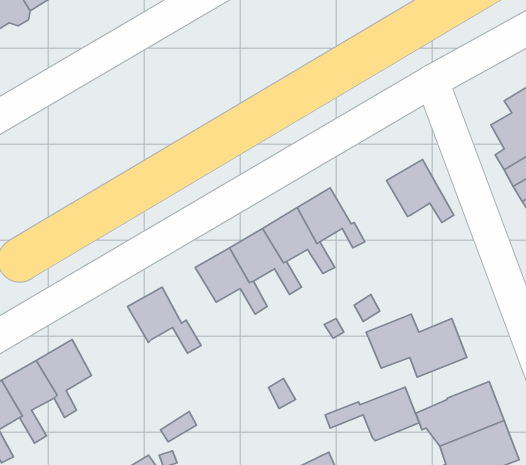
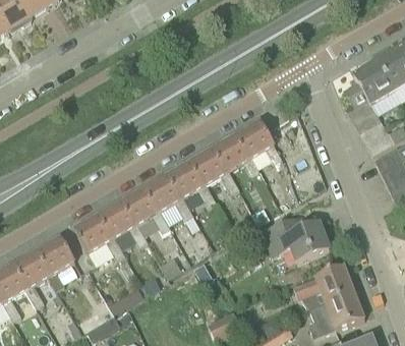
building: [386,159,454,223] -> [235,119,281,162]
building: none -> [121,187,170,232]
building: none -> [74,214,124,258]
building: [325,387,419,441] -> none

